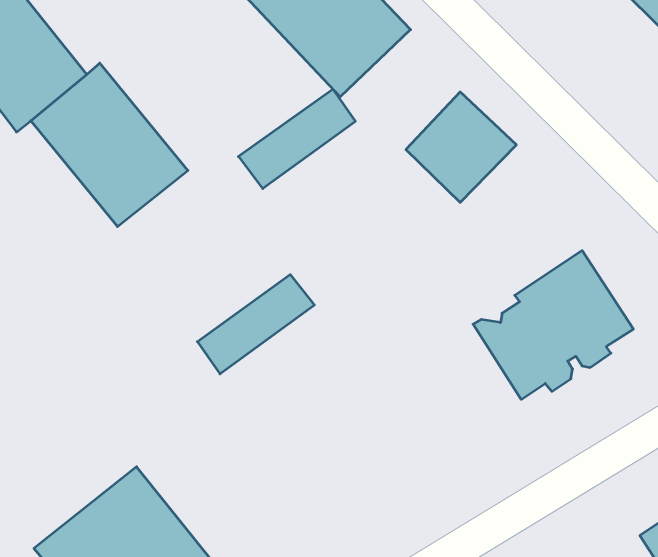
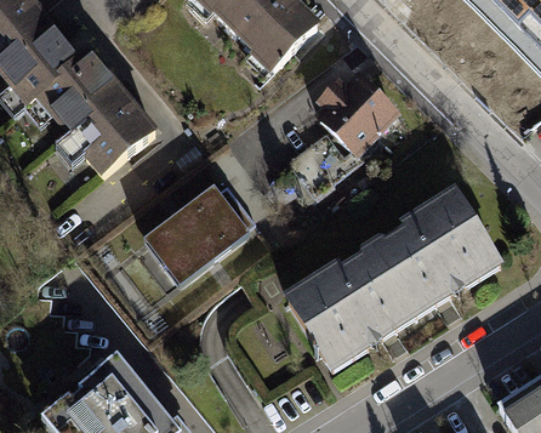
building: [238,89,355,189] -> [143,184,232,260]
building: none -> [285,246,406,357]

